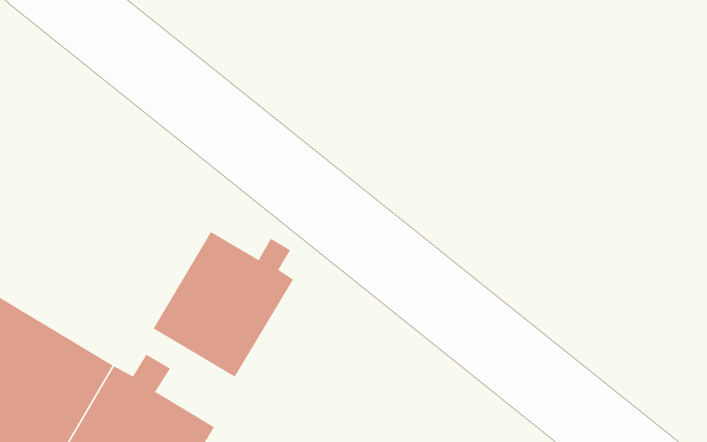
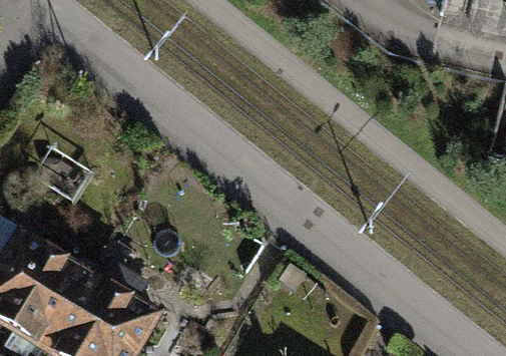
building: [153,231,294,378] -> none

